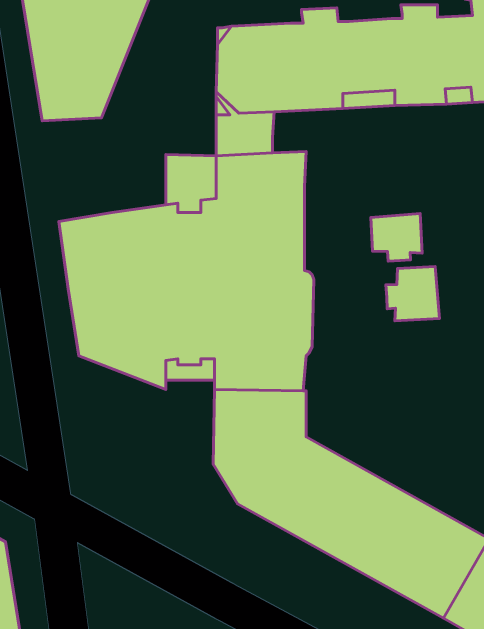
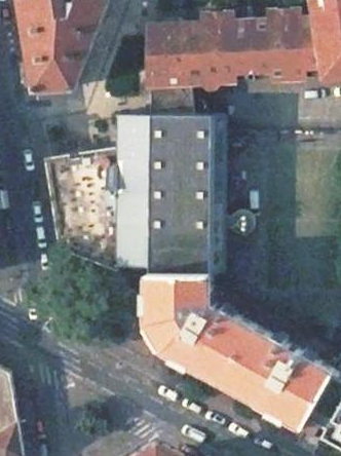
building: [371,213,422,261] -> none
building: [386,266,439,321] -> none

